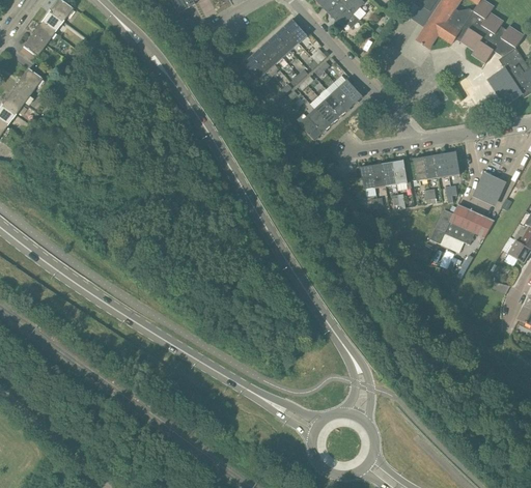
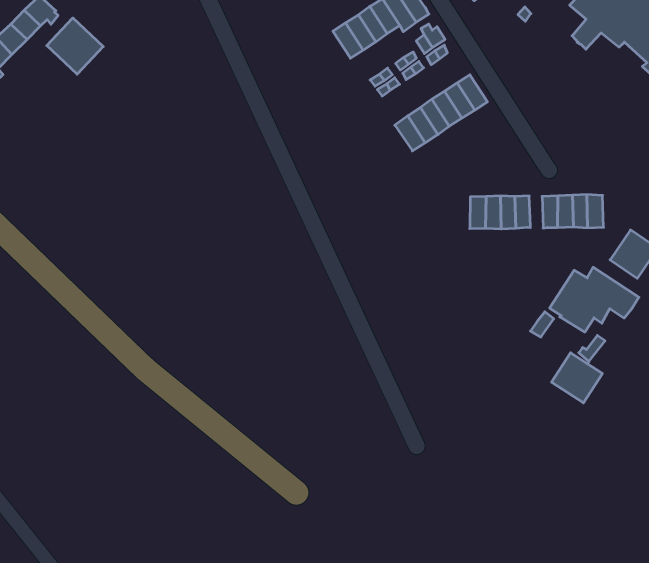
building: none -> [47,18,103,74]
building: none -> [552,353,602,403]

